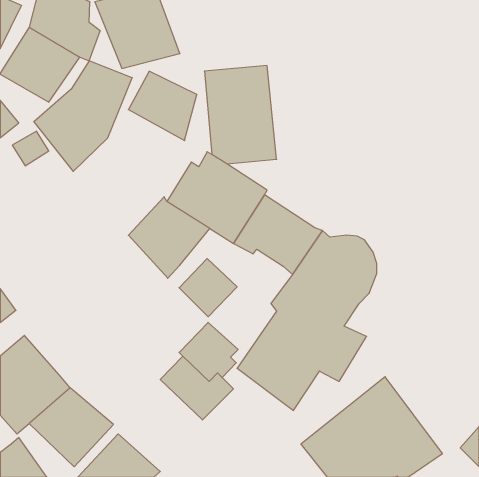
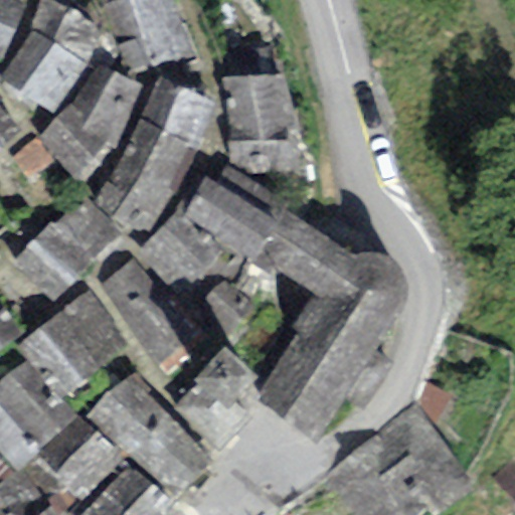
building: none -> [94,118,198,232]
building: none -> [11,200,120,302]
building: none -> [99,260,196,365]
building: none -> [14,290,126,402]
building: none -> [85,371,214,505]

